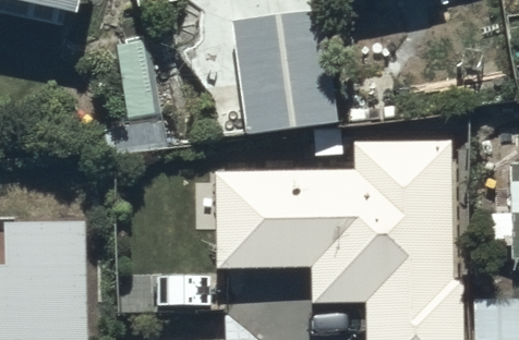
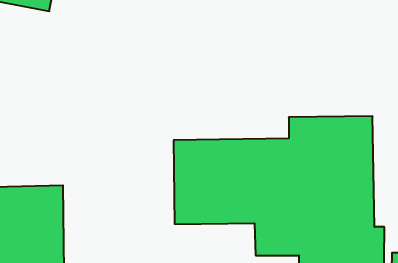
building: [241,14,349,145] -> none

